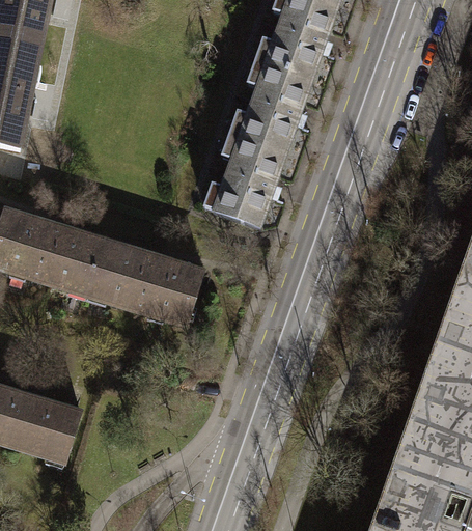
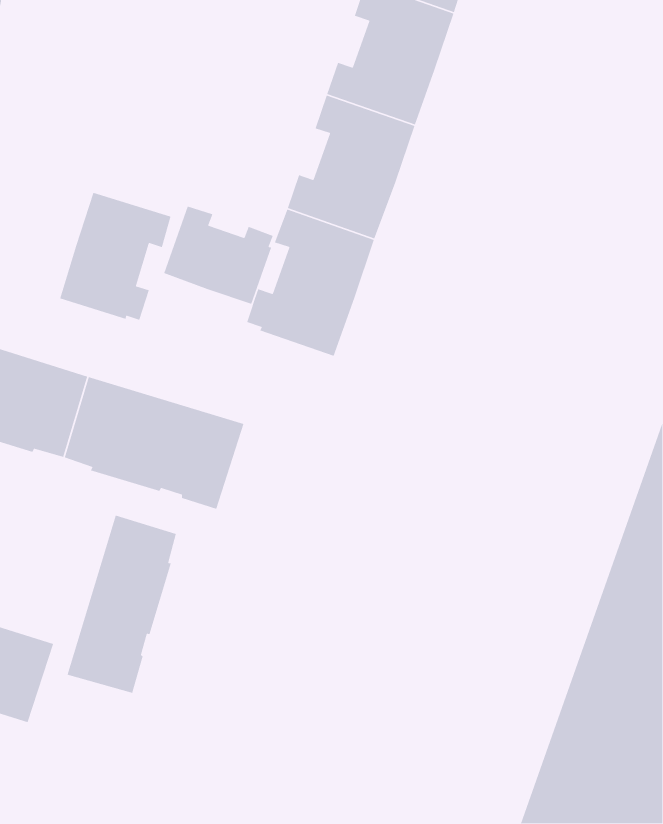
building: none -> [59,192,172,321]
building: none -> [163,205,274,305]
building: none -> [67,515,177,694]

